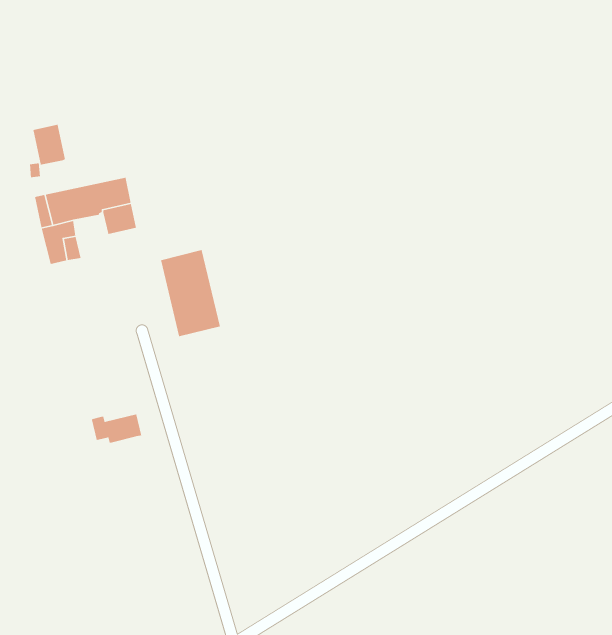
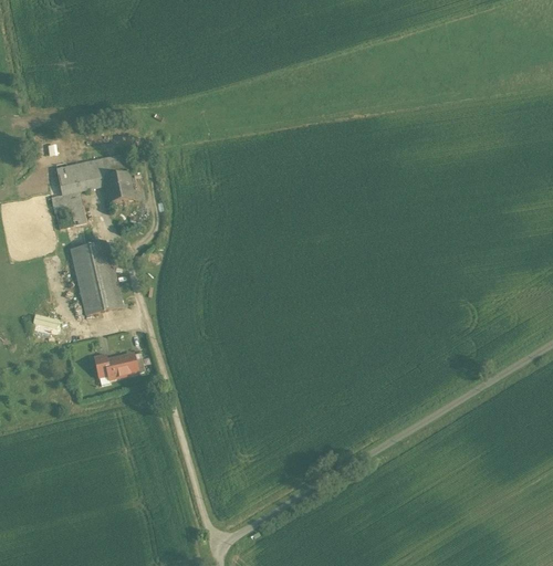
building: [33,124,66,166] -> none
building: [160,249,221,337] -> [71,240,122,314]

